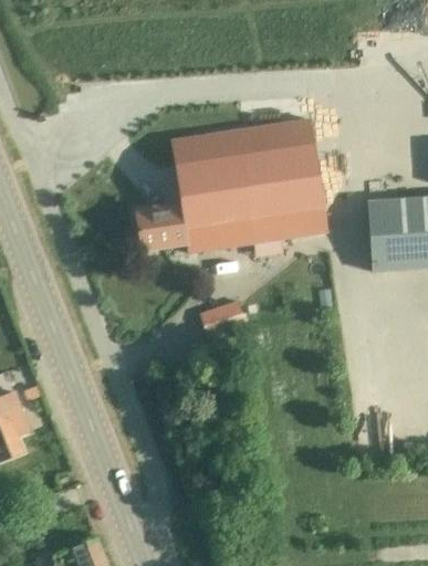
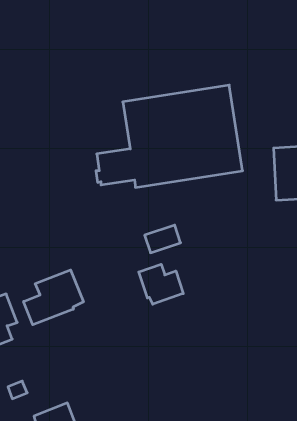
building: none -> [139,264,183,304]
building: none -> [24,270,83,325]

